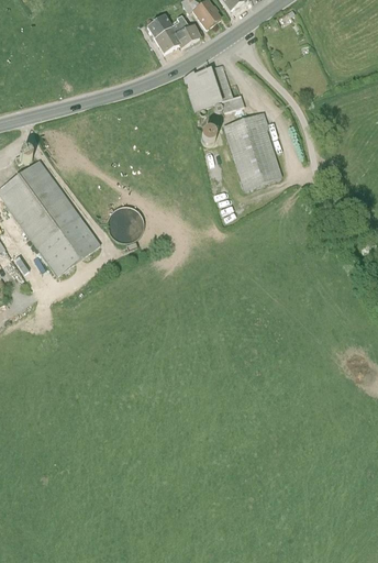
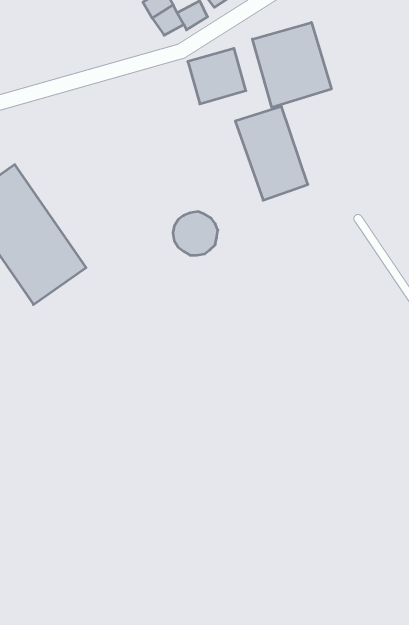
building: none -> [252,22,331,107]
building: [107,205,144,241] -> [173,212,218,255]

